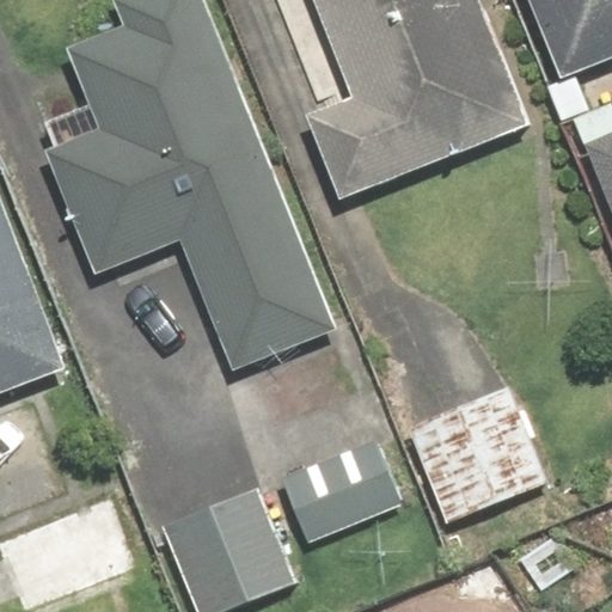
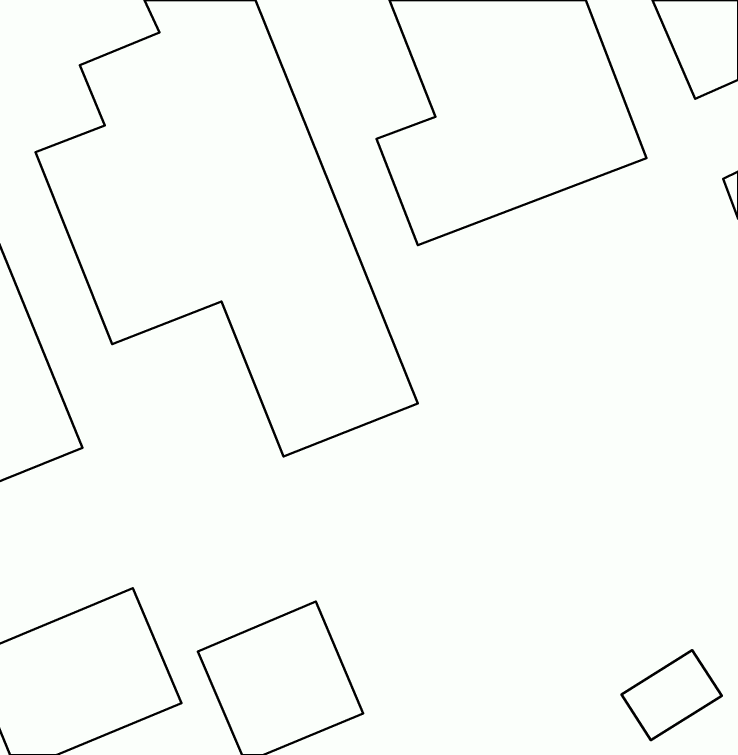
building: [406,388,544,521] -> none
building: [274,435,403,545] -> none

